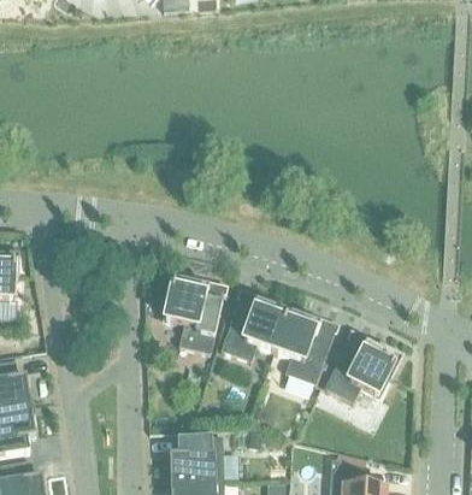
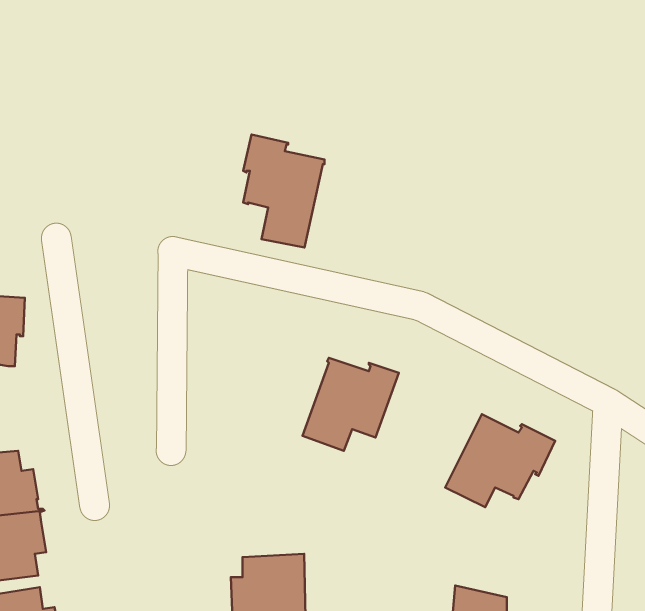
building: [165,271,224,353] -> [243,134,325,247]
building: [273,305,336,384] -> none

